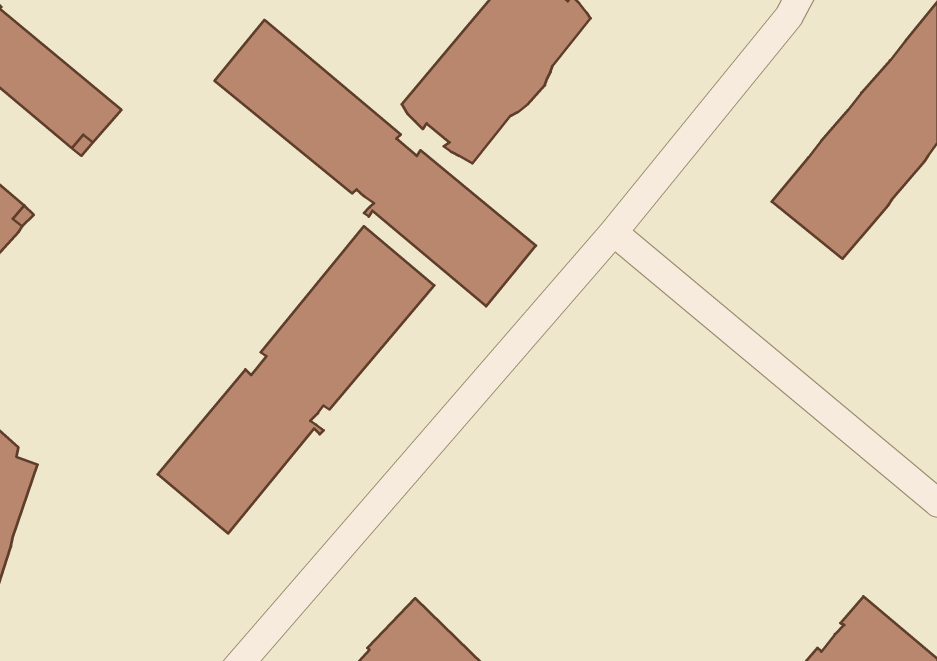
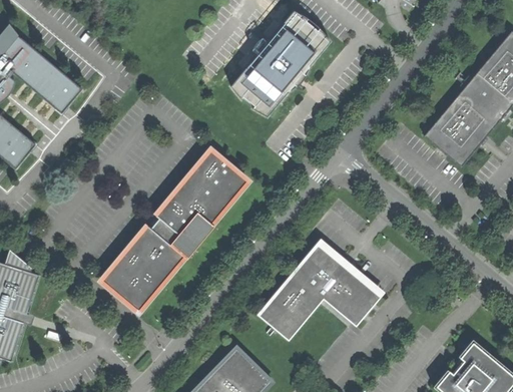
building: [215,20,536,306] -> none
building: none -> [259,241,382,339]

